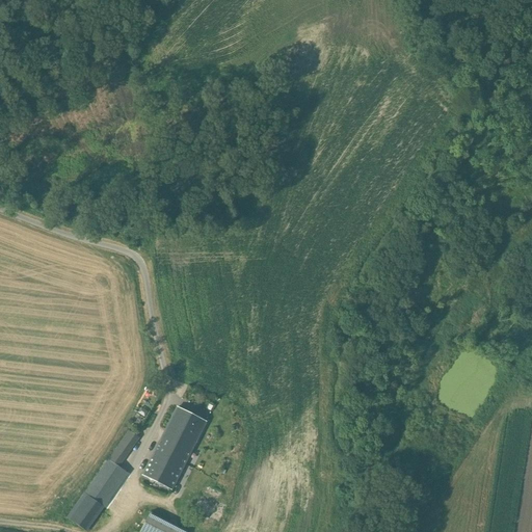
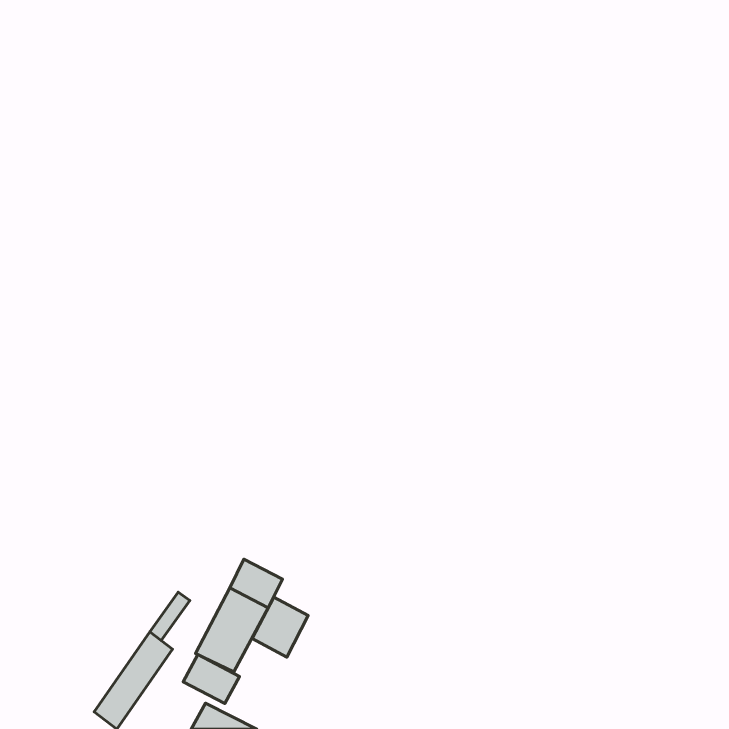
building: none -> [252,597,308,657]
building: none -> [183,655,240,704]

